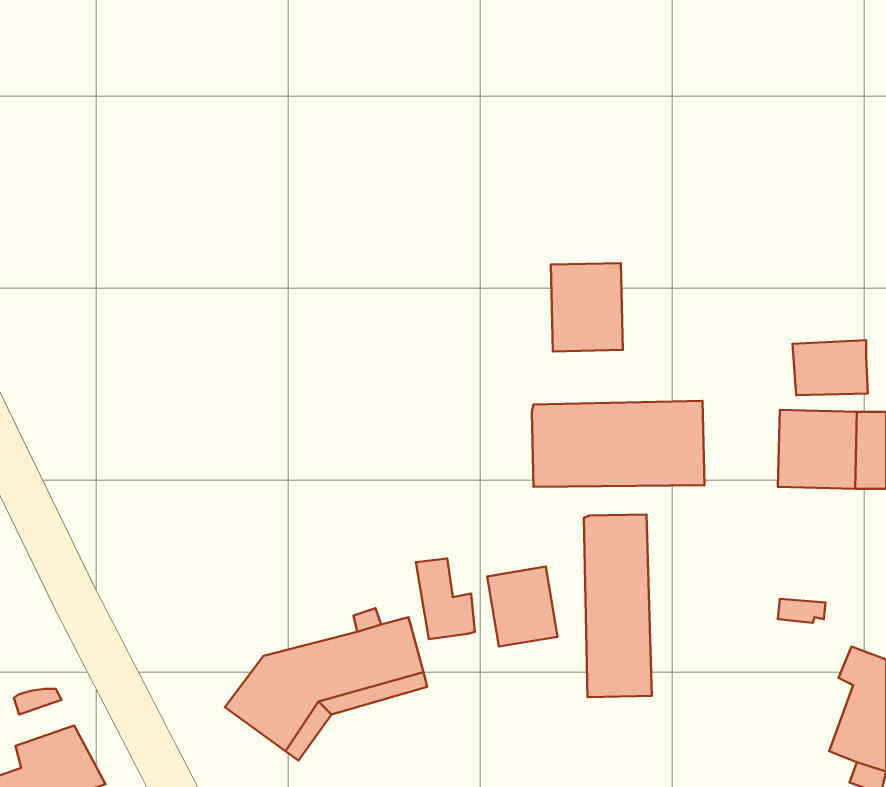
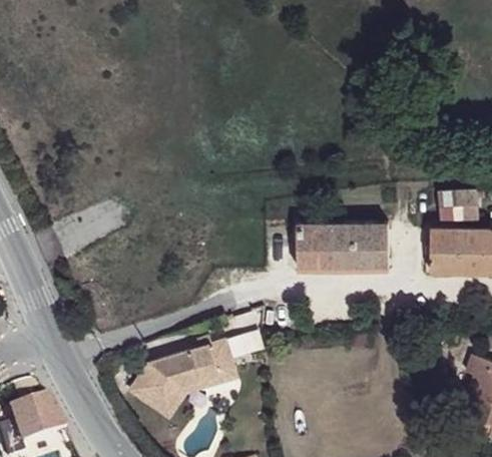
building: [551,263,623,351] -> none
building: [584,515,652,697] -> none
building: [487,567,557,646] -> none

